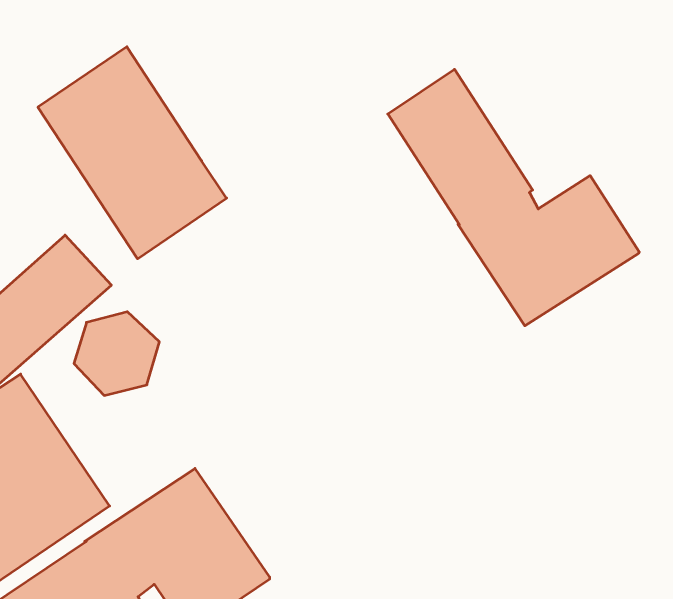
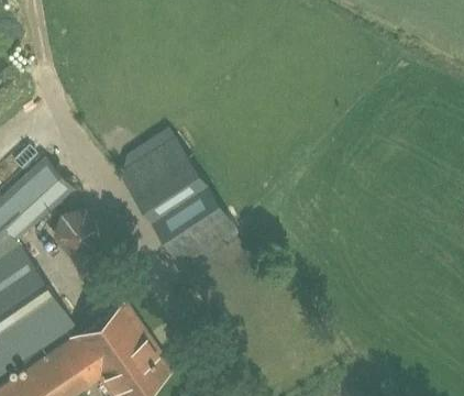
building: [38,47,227,259] -> [118,134,234,265]
building: [388,69,639,326] -> none

